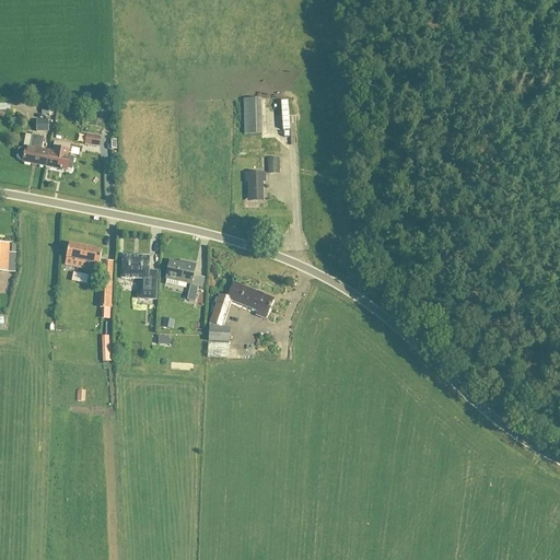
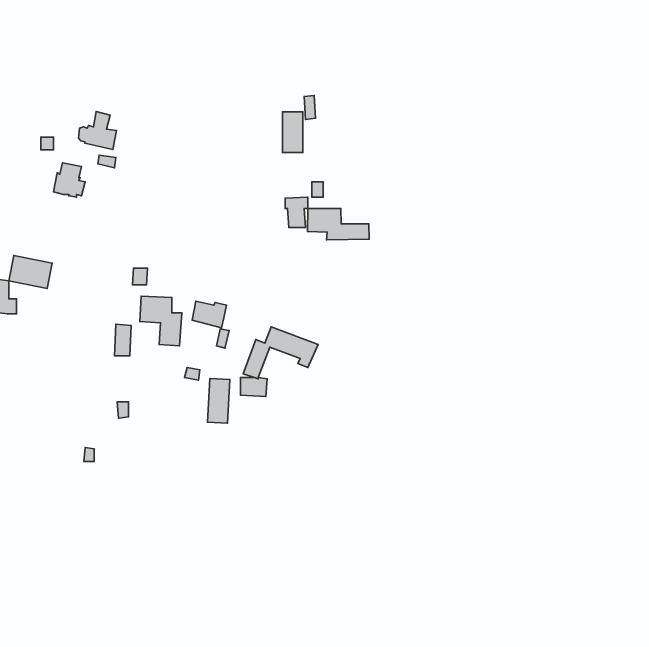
building: [16,132,49,165] -> [78,111,117,150]
building: none -> [308,208,369,240]
building: [63,242,101,270] -> [9,255,52,289]
building: none -> [208,378,230,423]

